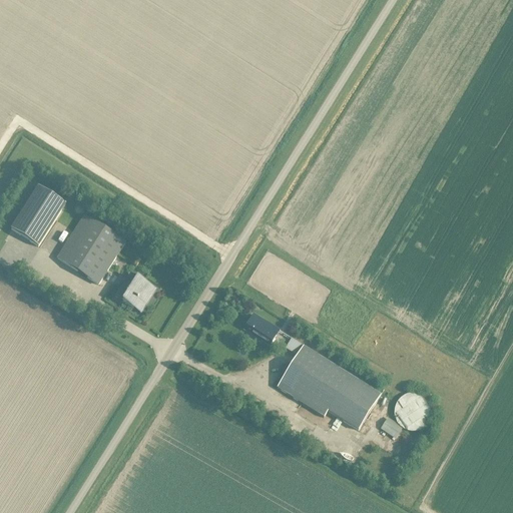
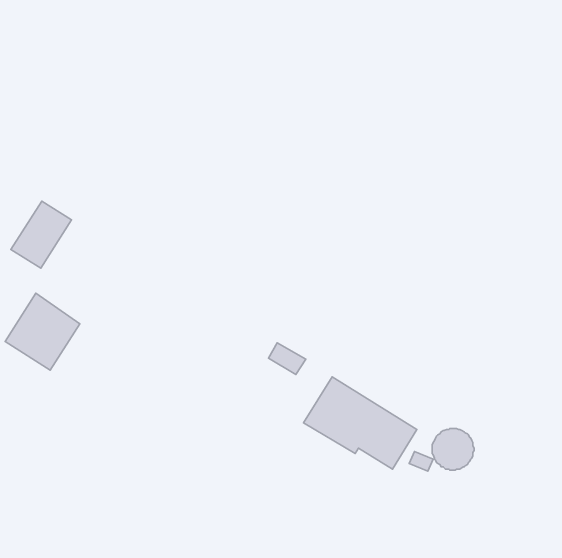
building: [56,212,124,283] -> [5,293,80,370]
building: [118,272,155,311] -> none

